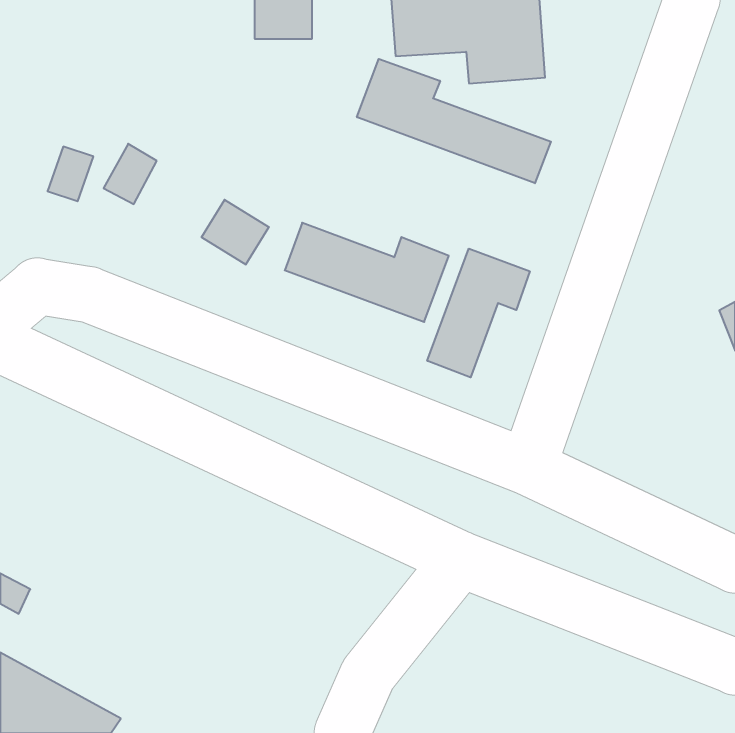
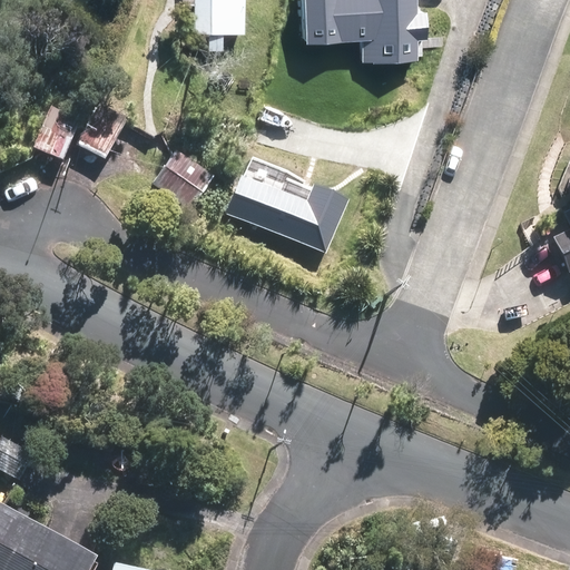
building: [357,59,551,183] -> none
building: [427,249,530,377] -> none

